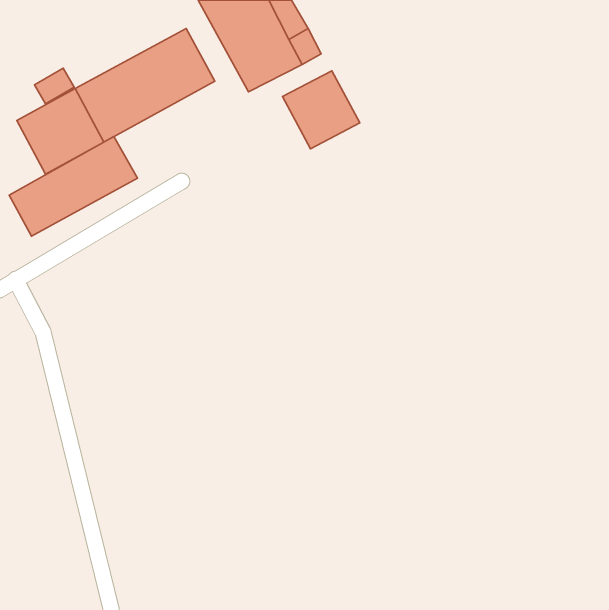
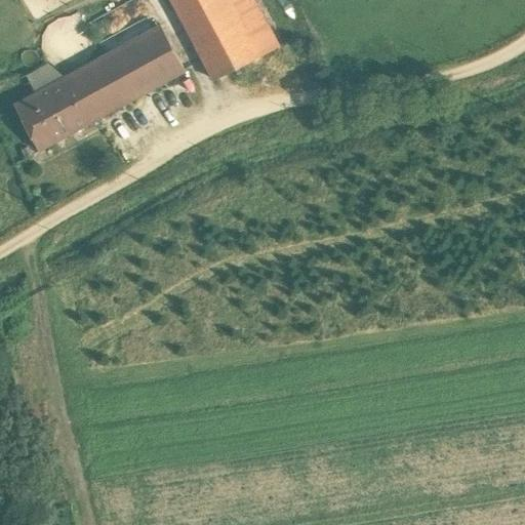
building: [282,71,360,149] -> none
building: [9,137,137,236] -> none

